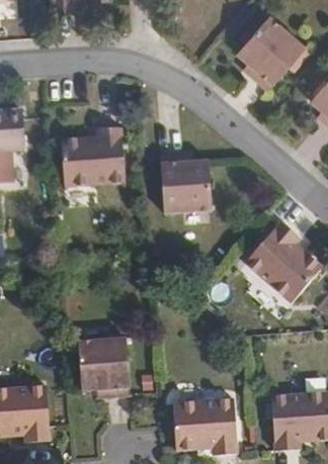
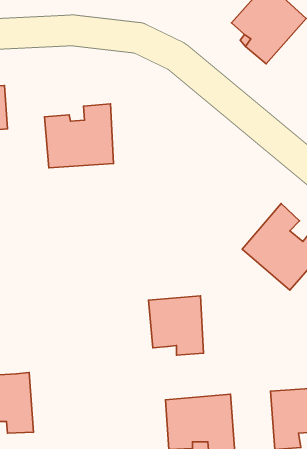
building: [159,154,212,212] -> none
building: [80,342,132,397] -> [148,296,204,355]

